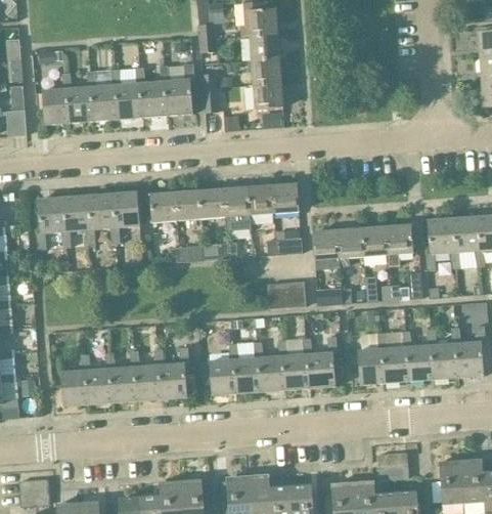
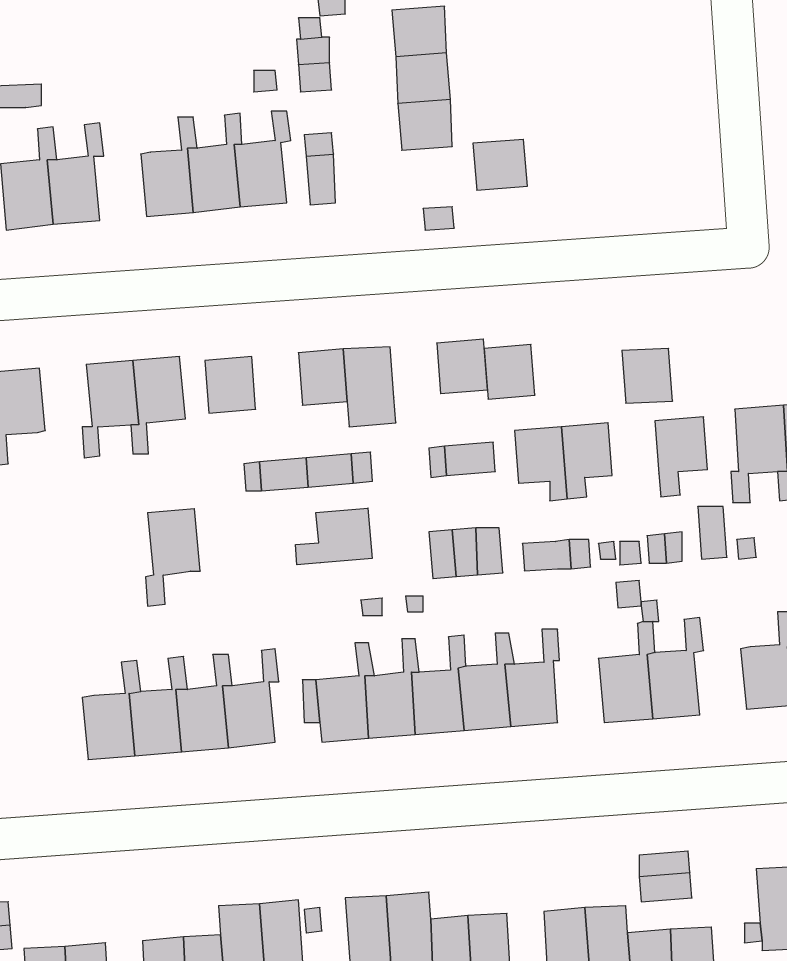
building: [91,68,121,120] -> none
building: [253,81,281,108] -> [473,139,527,190]
building: [247,184,273,213] -> [484,344,535,399]
building: [174,189,200,219] -> none
building: [61,196,90,247] -> [146,509,200,606]
building: [361,225,388,254] -> [622,348,673,403]
building: none -> [296,508,372,565]
building: [406,327,436,380] -> none
building: [60,353,91,405] -> none

